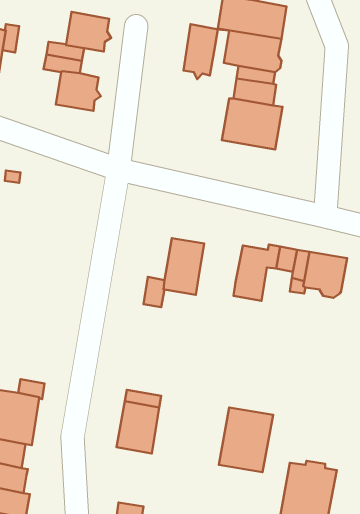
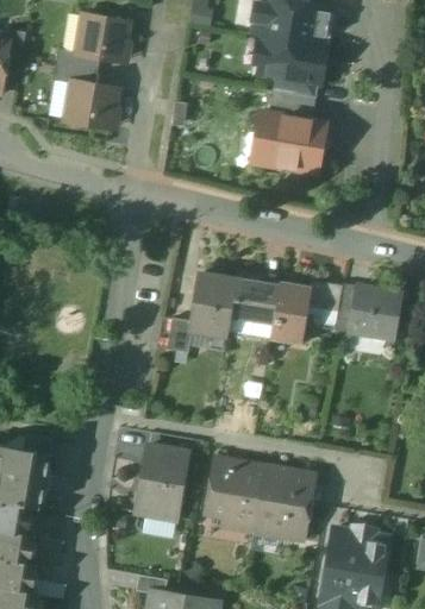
building: [184,24,218,79] -> none
building: none -> [230,278,279,322]
building: none -> [205,457,264,530]

